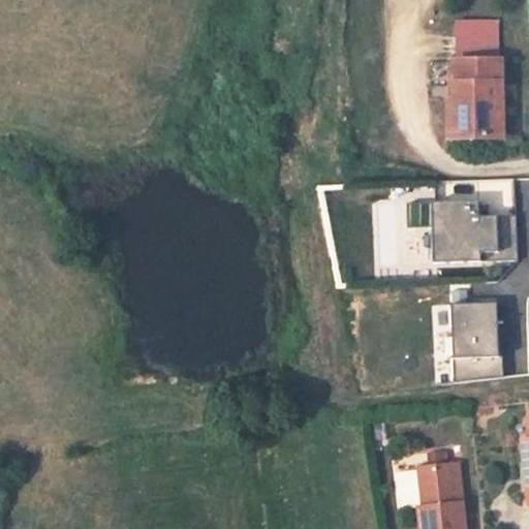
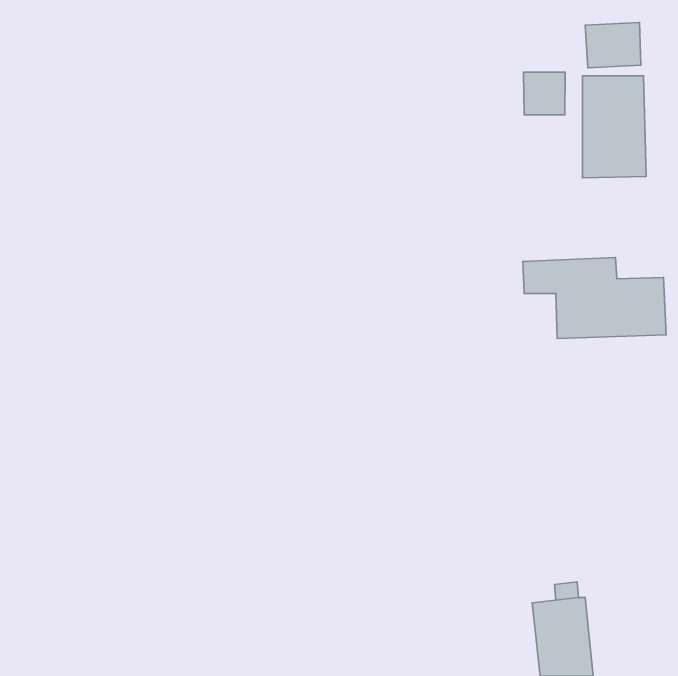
building: none -> [524,72,565,115]
building: [450,299,502,381] -> none

